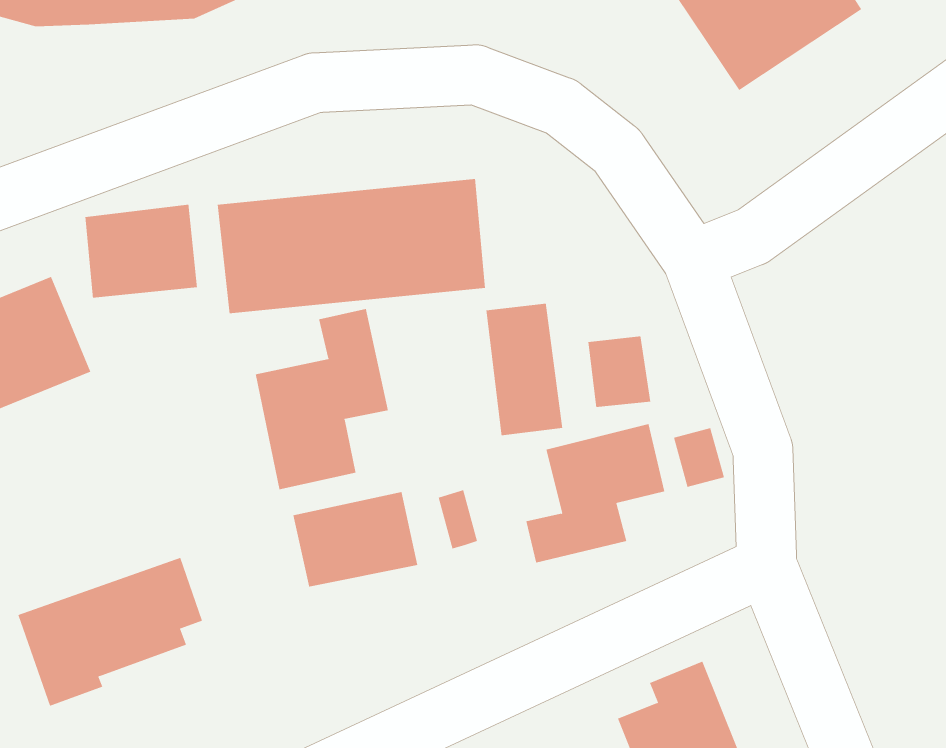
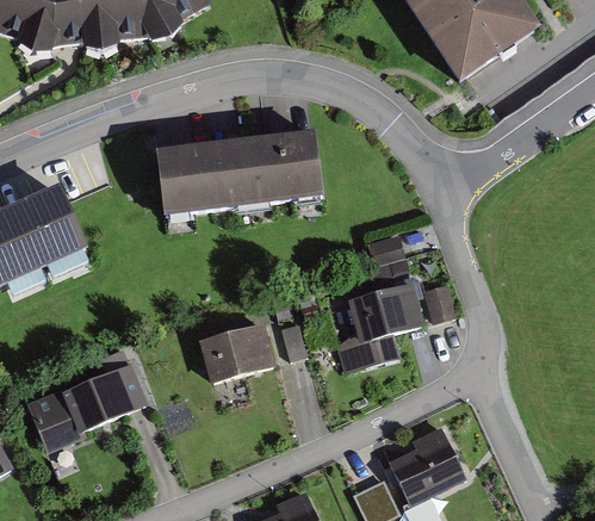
building: [85,204,197,298] -> none
building: [486,303,563,436] -> none
building: [255,308,389,490] -> none

